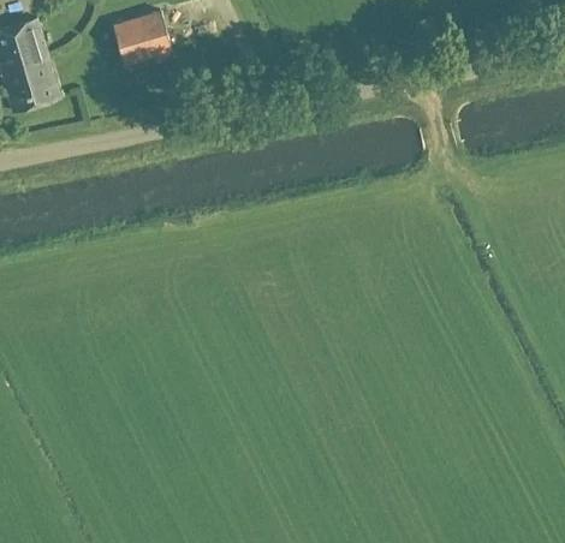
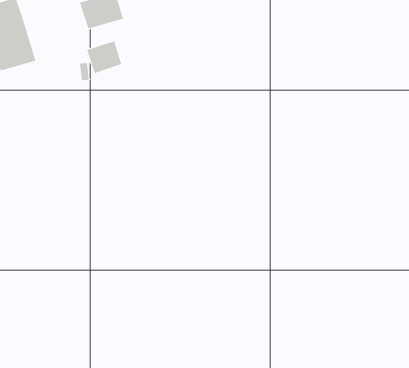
building: none -> [87,41,122,74]

